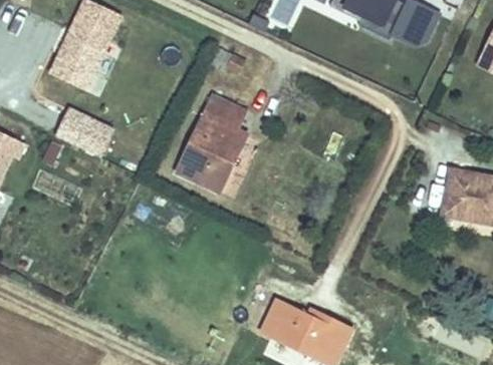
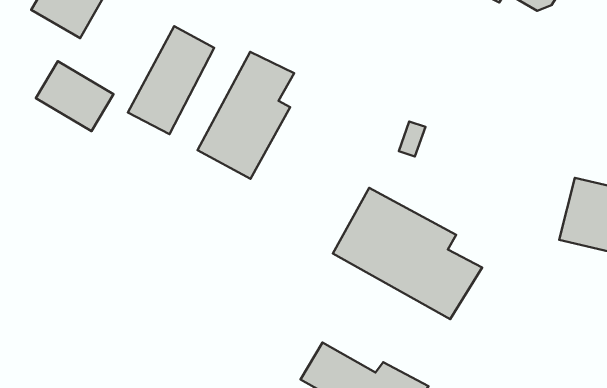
building: none -> [128,26,214,134]
building: none -> [333,188,482,319]

